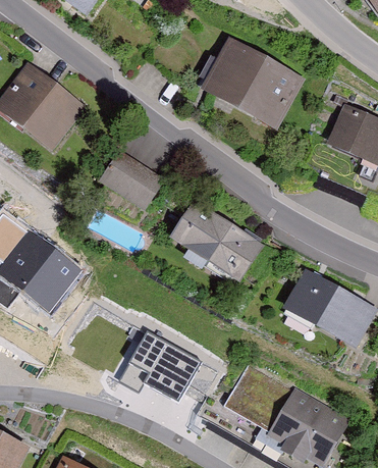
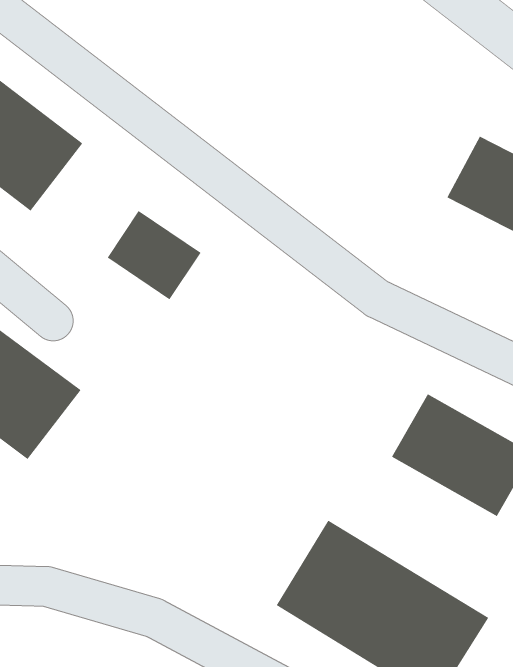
building: [197,39,299,131] -> none
building: [170,201,267,288] -> none
building: [129,330,199,398] -> none

